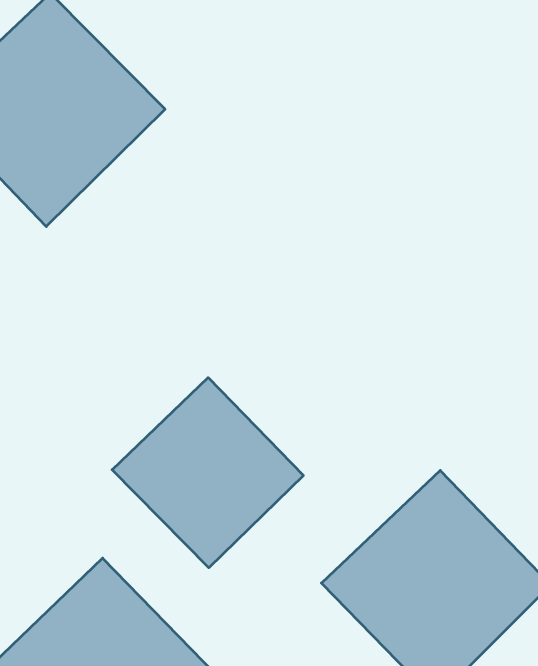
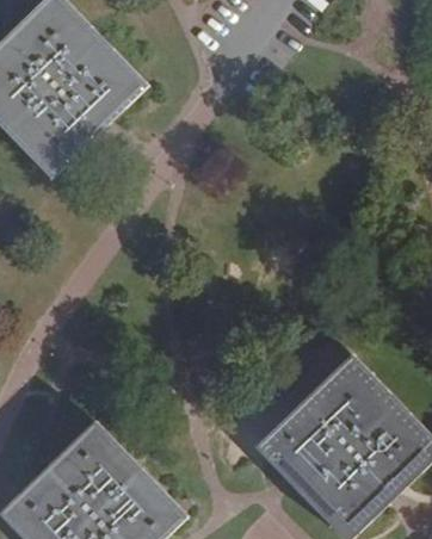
building: [112,378,303,568] -> none

